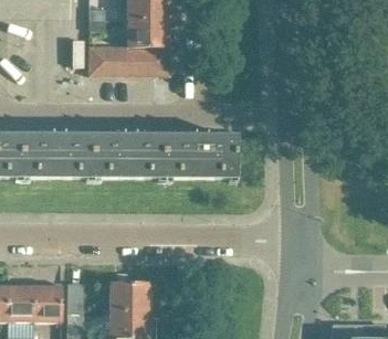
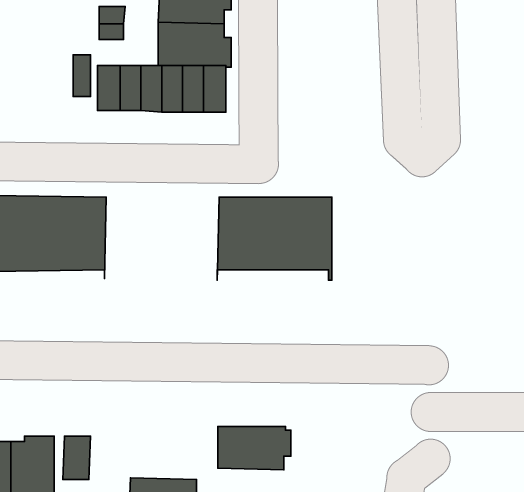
building: [91,130,164,183] -> none
building: [107,283,154,310] -> [218,427,291,470]

